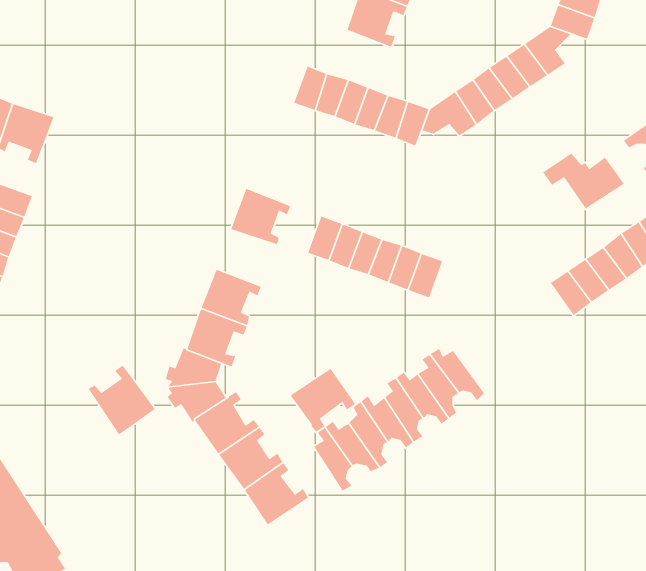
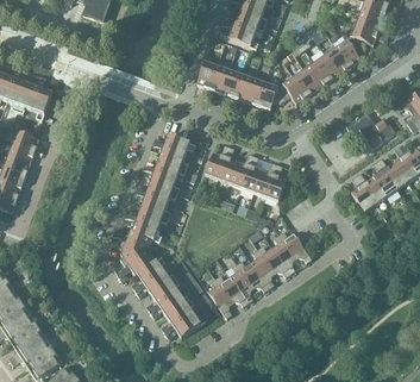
building: none -> [150,159,187,194]
building: [87,364,156,436] -> none
building: [290,368,356,433] -> none

